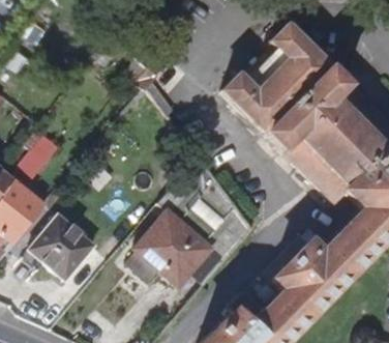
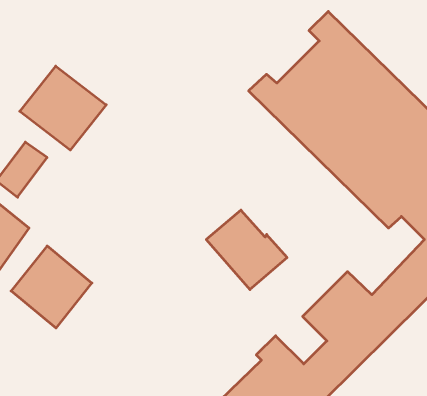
building: none -> [20,66,106,150]
building: [132,212,210,288] -> none

